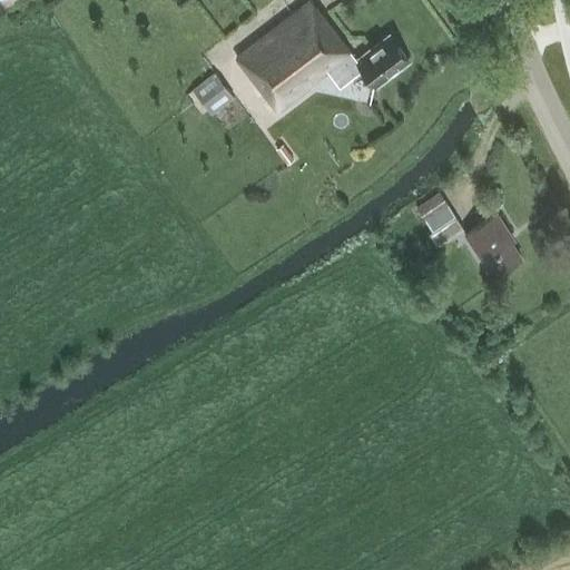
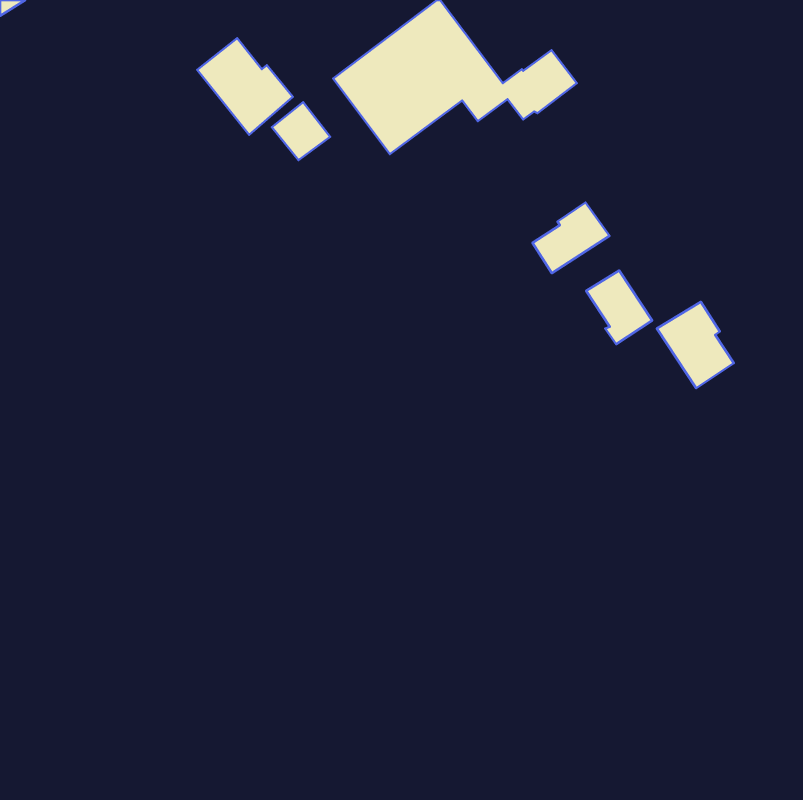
building: none -> [197,38,293,135]
building: none -> [532,202,609,273]

